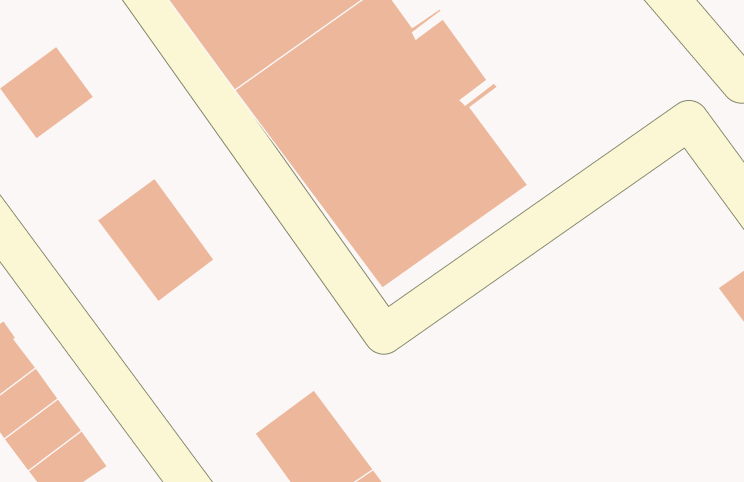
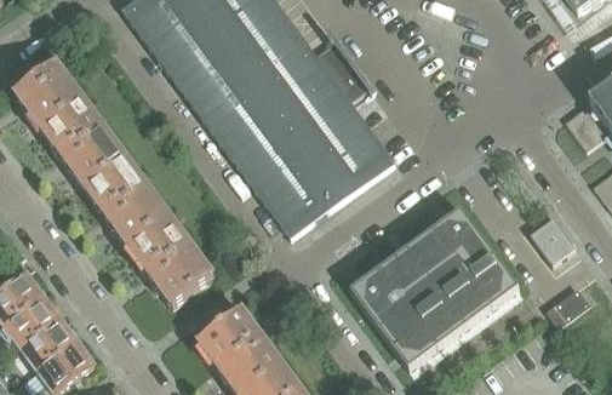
building: none -> [42,99,127,188]
building: none -> [351,211,519,370]
building: none -> [130,216,215,307]

